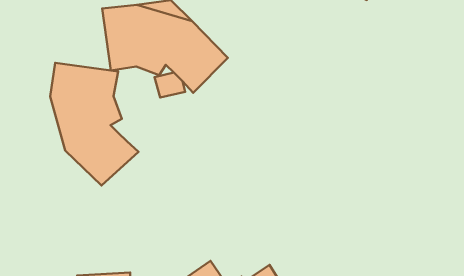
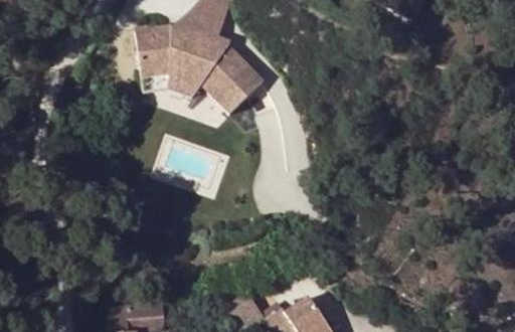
building: [50,63,138,185] -> none

